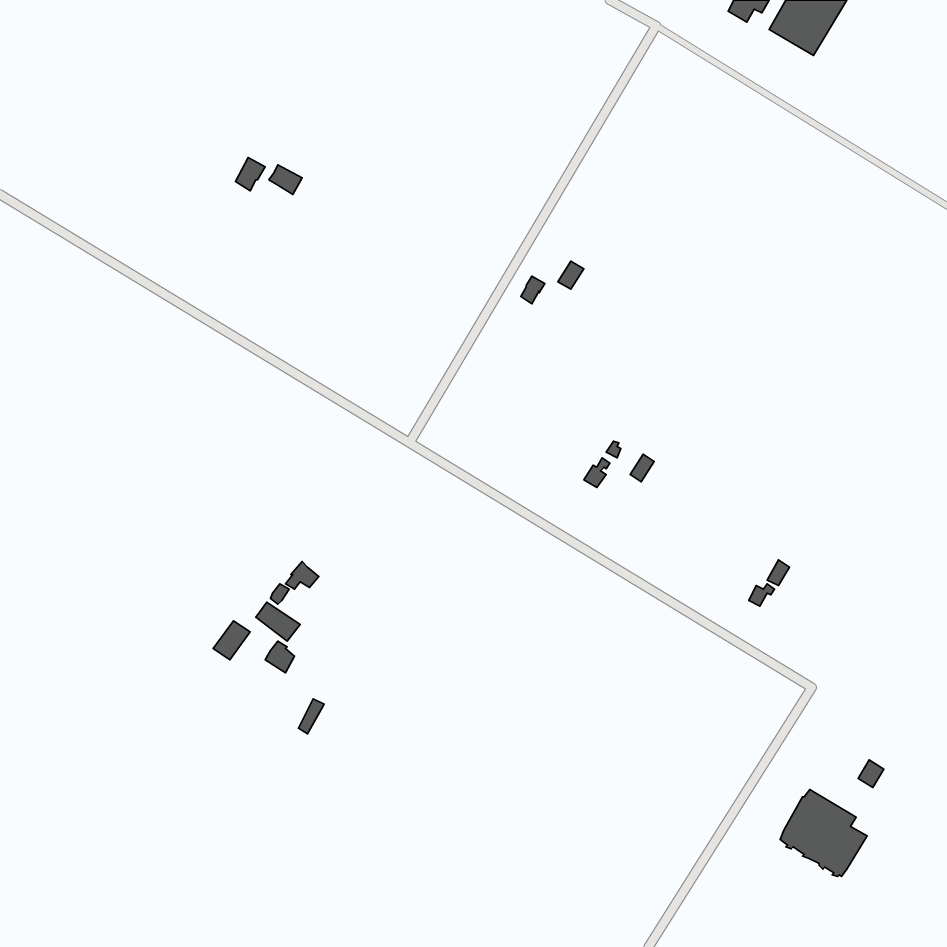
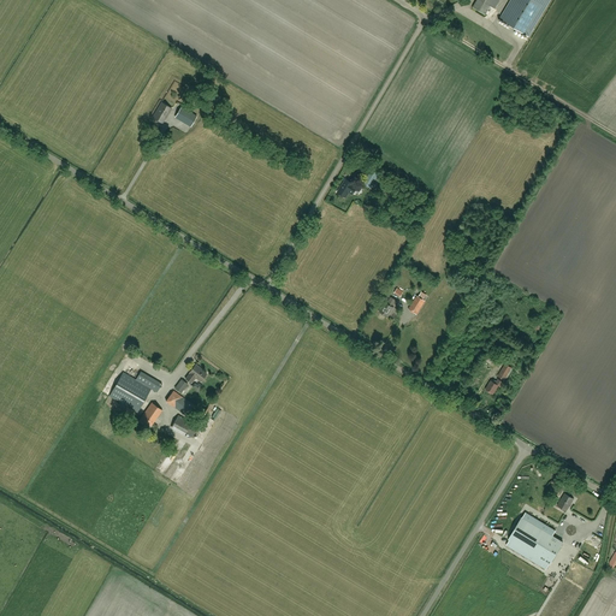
building: none -> [109,372,162,413]

